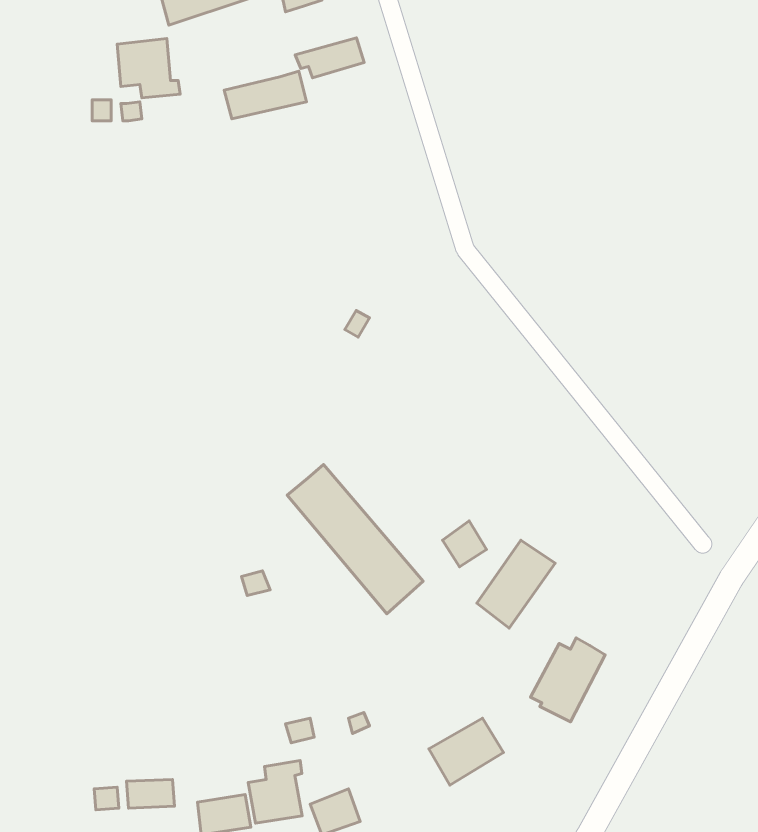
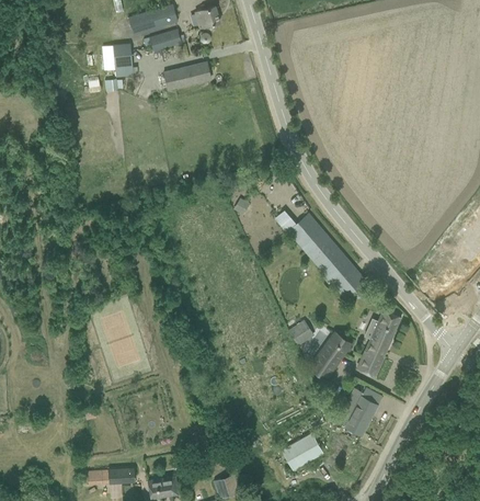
building: [295,38,364,78] -> [142,29,182,52]
building: [287,464,423,614] -> [287,213,365,298]
building: none -> [355,308,401,377]
building: [248,760,302,823] -> none

